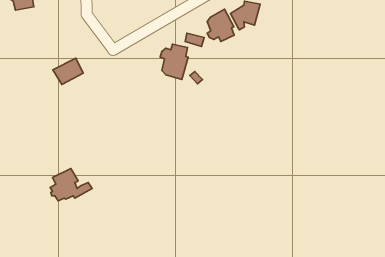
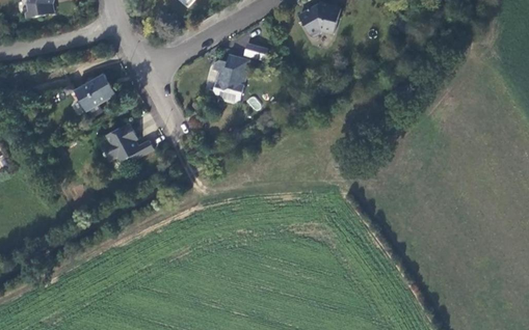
building: [207,9,234,41] -> none
building: [50,168,92,201] -> [103,122,156,163]

